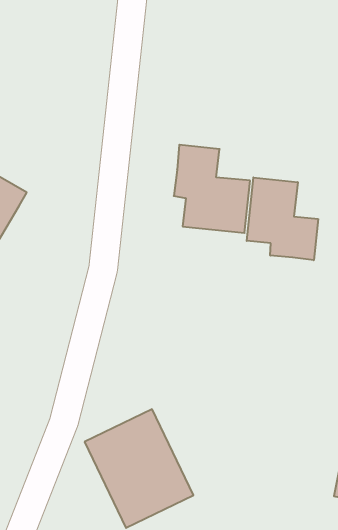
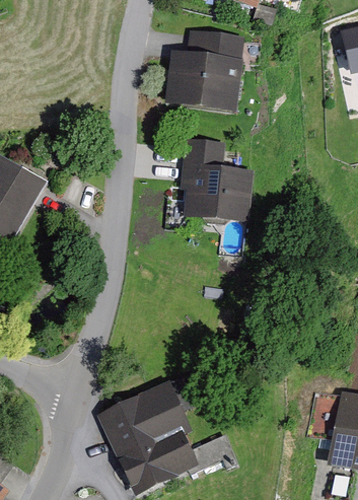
building: none -> [168,31,242,106]
building: [247,177,318,260] -> none

